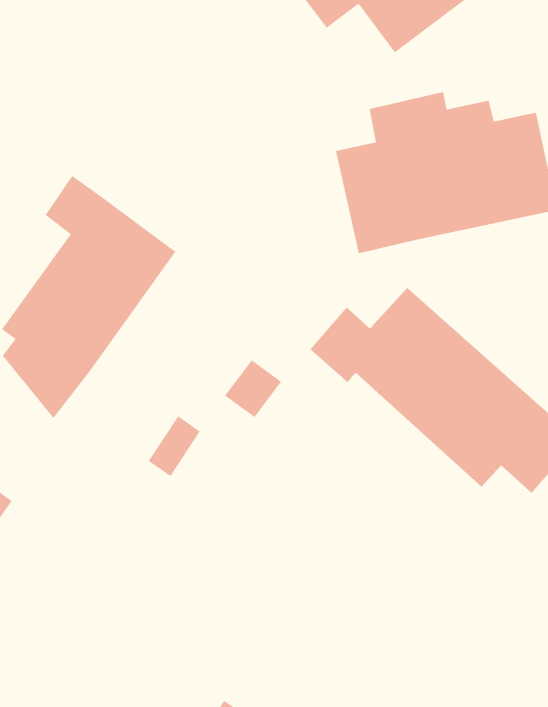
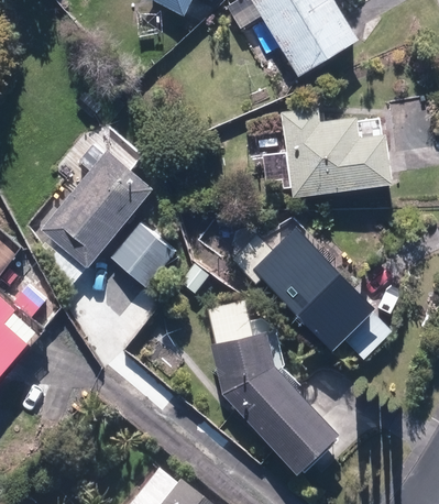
building: none -> [111,220,176,285]
building: none -> [208,299,340,474]

